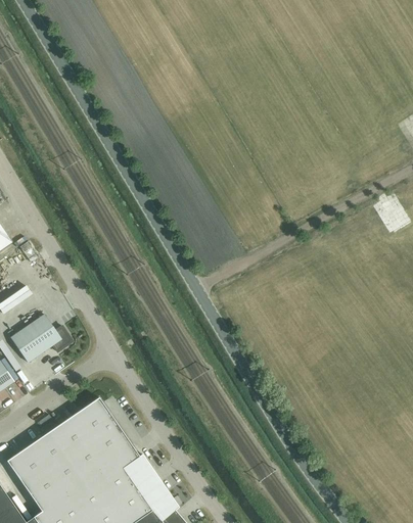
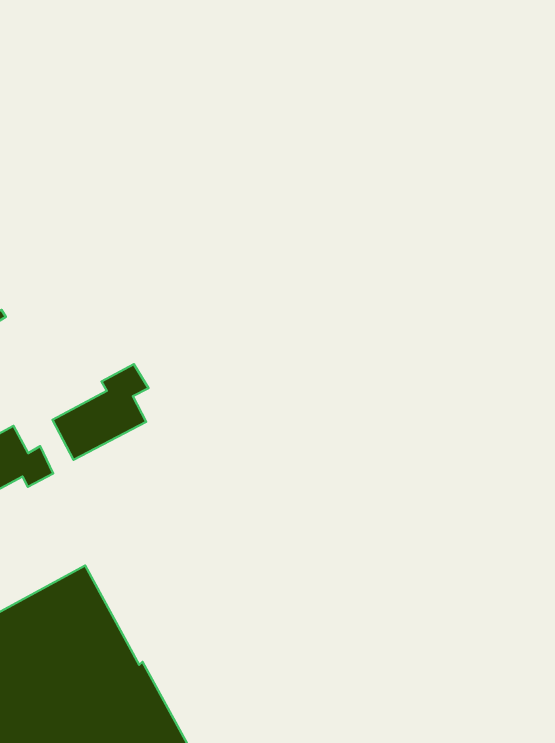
building: none -> [52,364,148,460]

